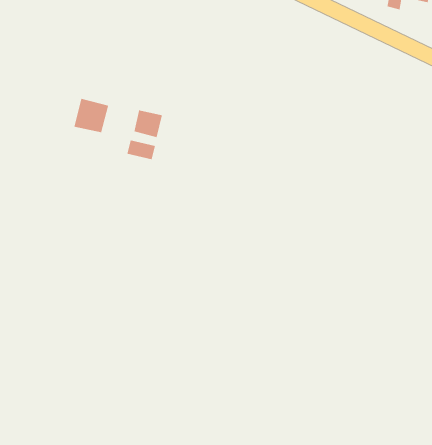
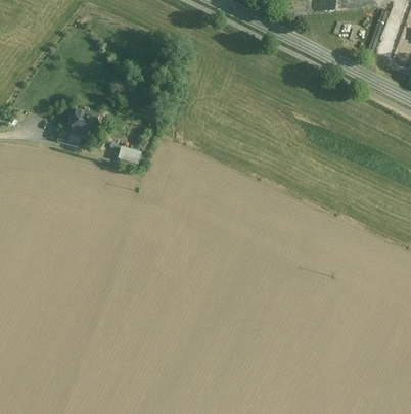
building: [133,109,163,138] -> none

